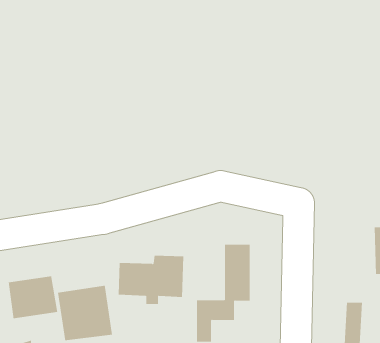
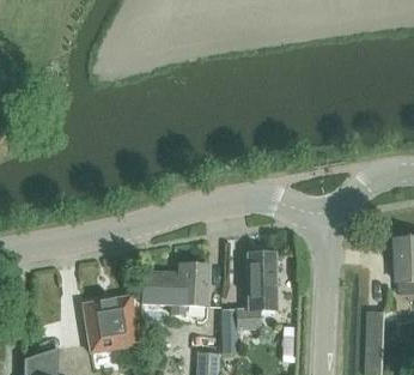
building: [8,276,58,319] -> none

